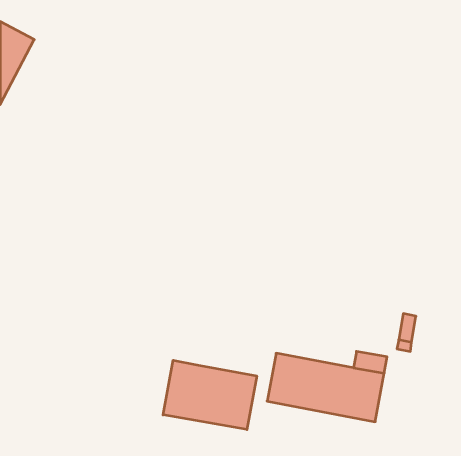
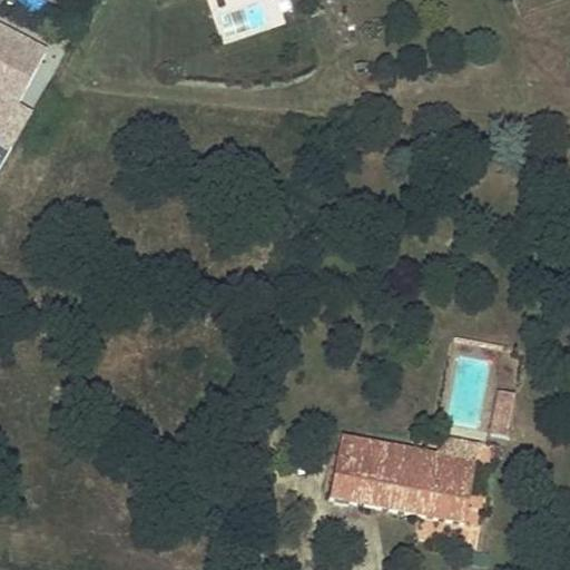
building: [163,360,257,430] -> none

